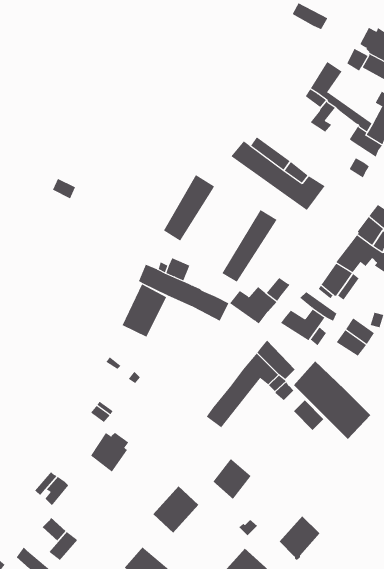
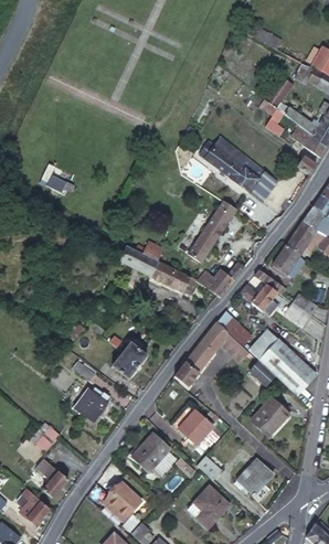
building: [163,174,215,242] -> none
building: [122,284,167,338] -> none
building: none -> [112,342,147,380]
building: none -> [246,394,285,434]

